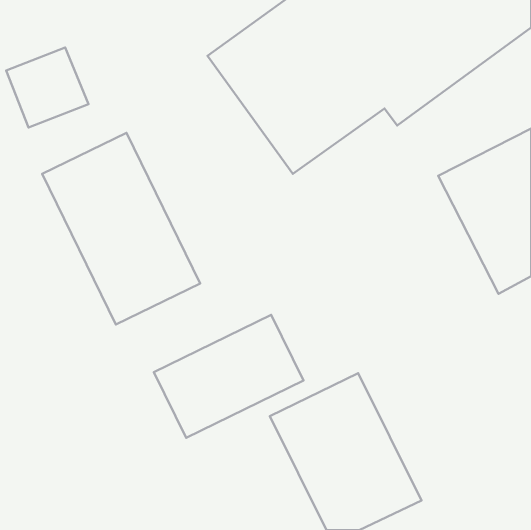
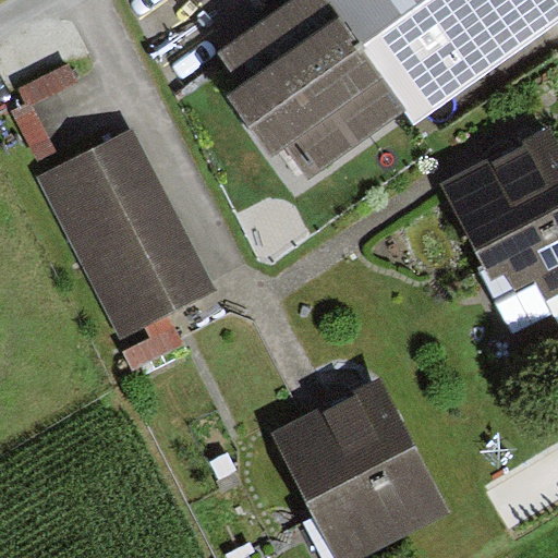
building: [154,315,303,438] -> none

